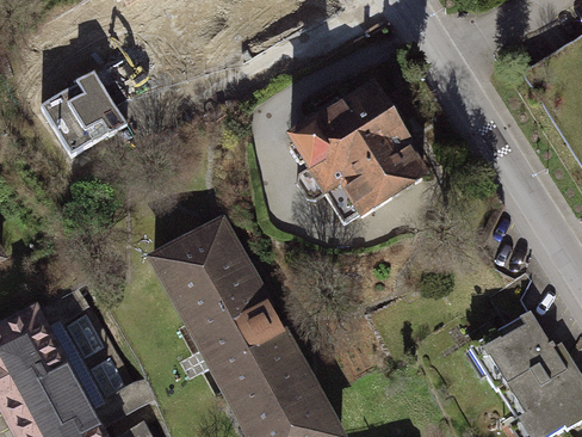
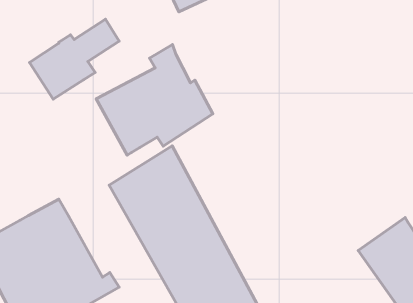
building: [289,78,421,217] -> none
building: none -> [96,45,213,155]

